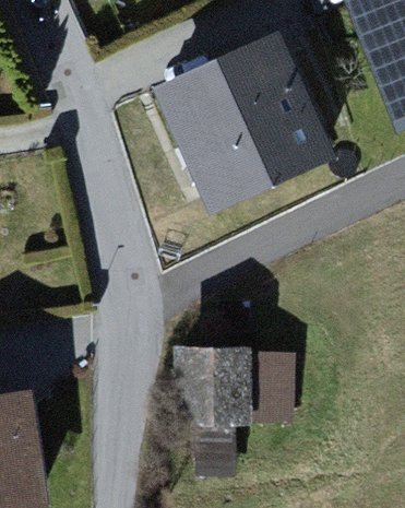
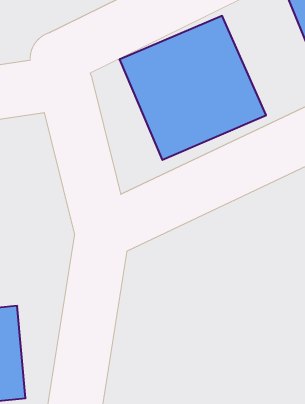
building: [183,348,299,430] -> none

